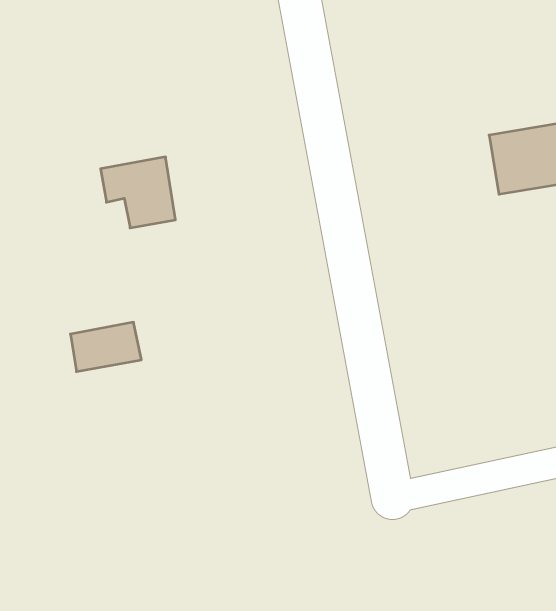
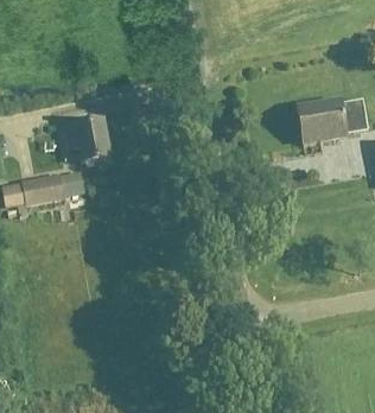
building: [70,322,141,372] -> [20,173,63,203]

